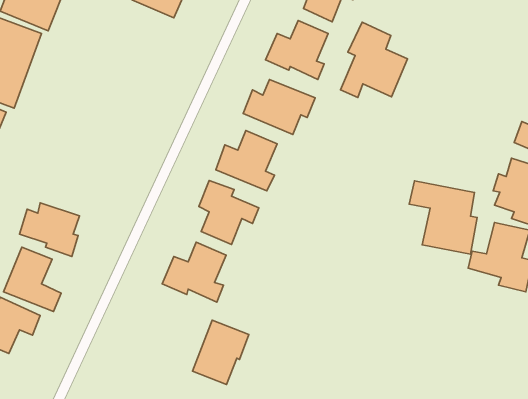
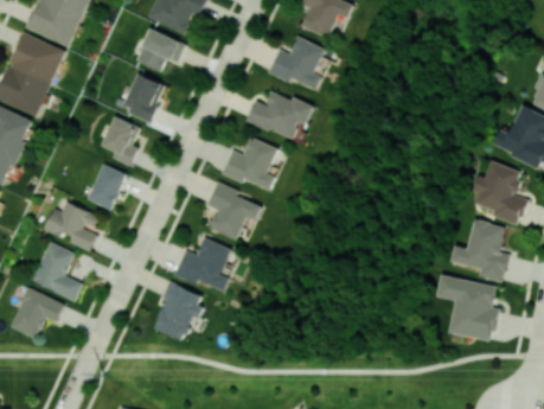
building: none -> [135,28,186,71]
building: [340,22,407,97] -> none
building: none -> [122,74,165,122]
building: none -> [101,116,140,165]
building: none -> [88,164,126,210]
building: [409,181,477,254] -> [436,275,498,341]
building: [192,320,249,384] -> [153,282,204,340]

